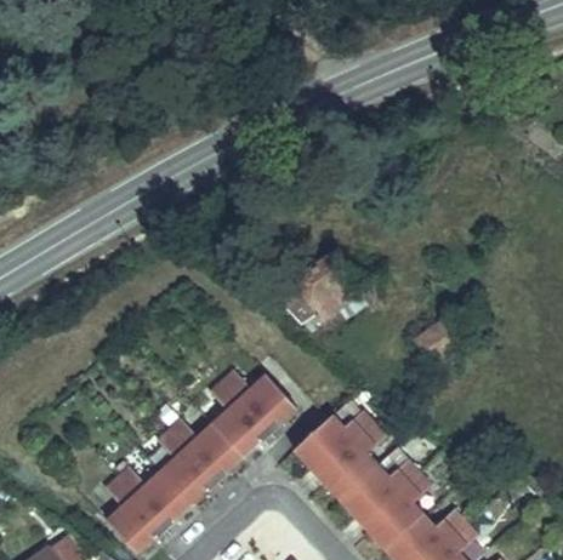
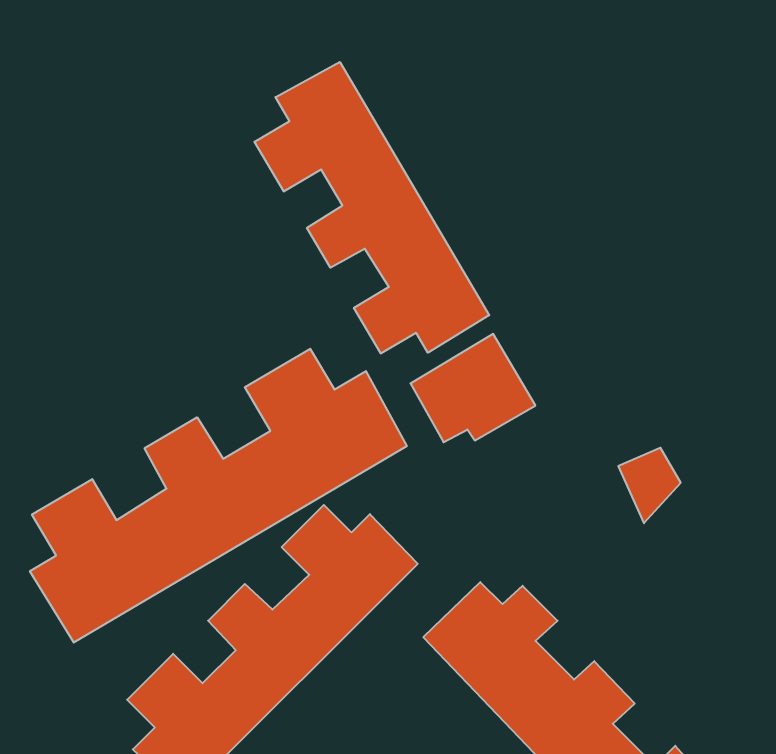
building: none -> [254,62,489,354]
building: none -> [30,349,407,643]

